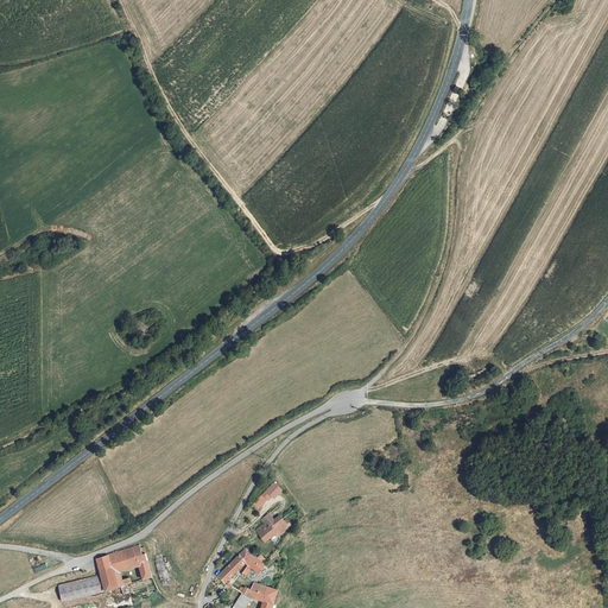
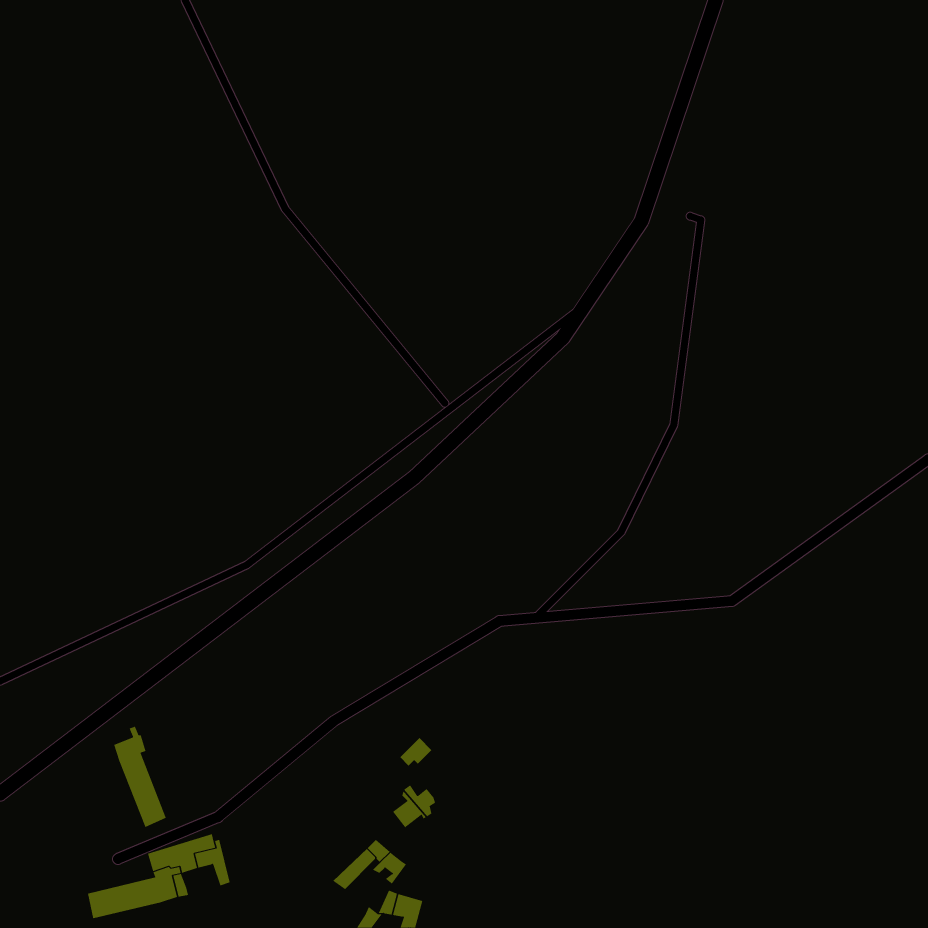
building: none -> [114,726,167,828]

